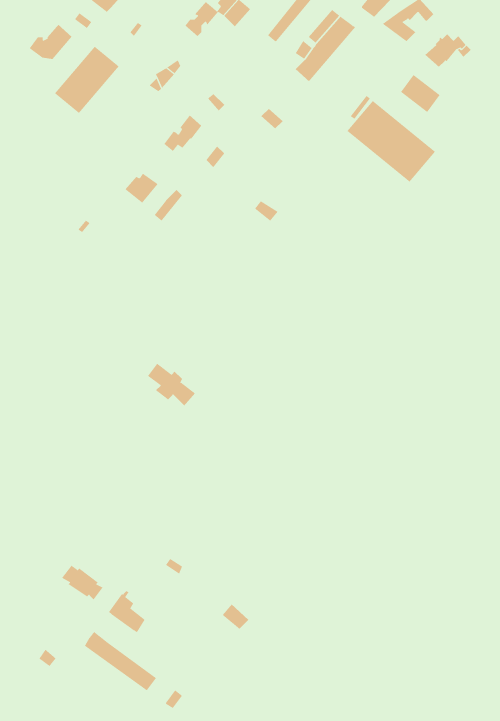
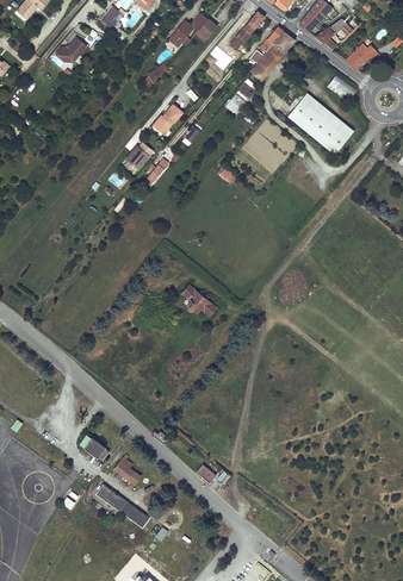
building: [54,46,119,114] -> none
building: [147,363,196,406] -> [182,285,218,317]

